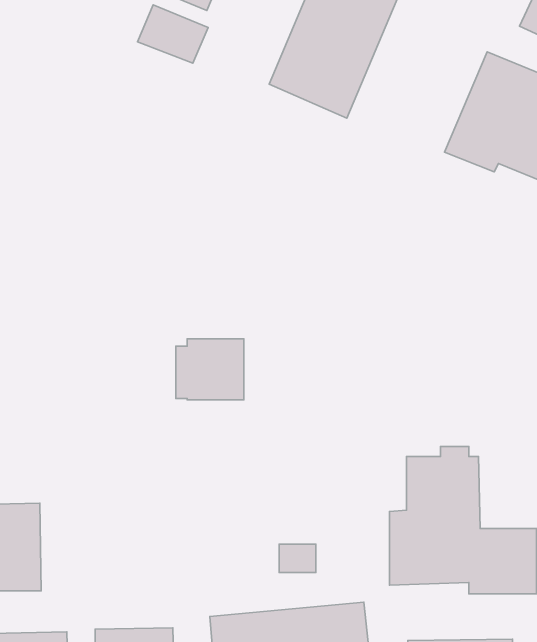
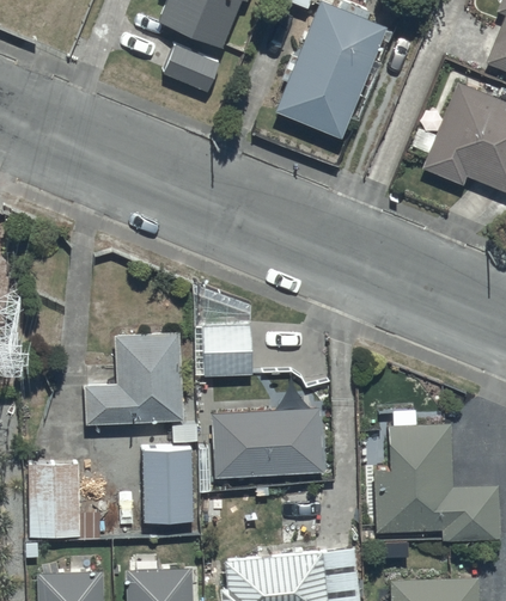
building: none -> [85,332,182,424]
building: none -> [212,406,323,478]
building: none -> [141,449,194,521]

